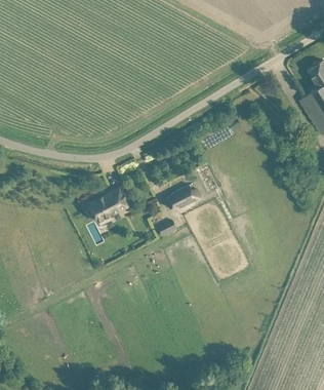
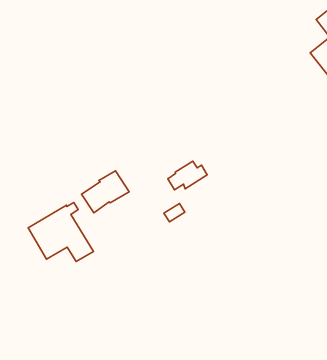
building: none -> [28,202,93,261]

